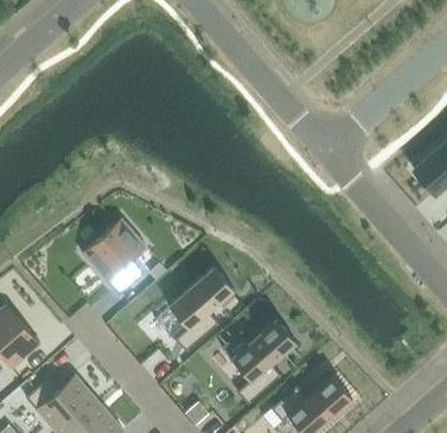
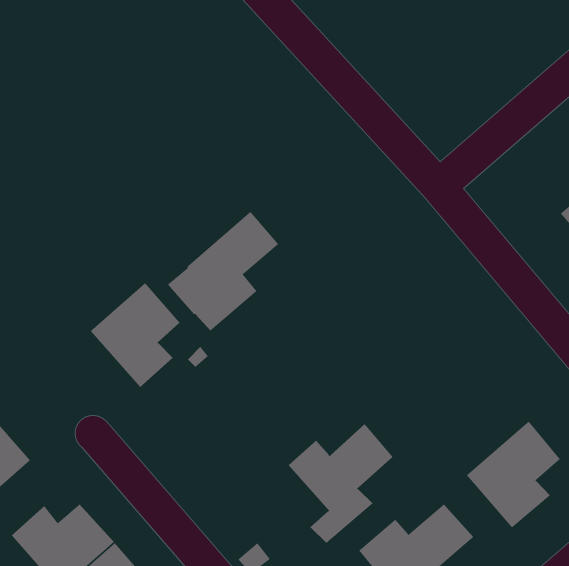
building: [154,266,234,351] -> [167,211,279,332]
building: none -> [466,421,561,529]

